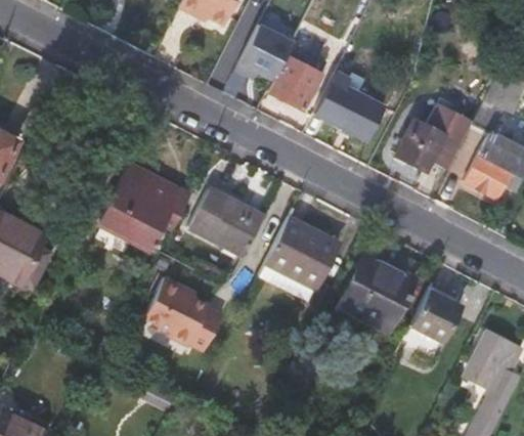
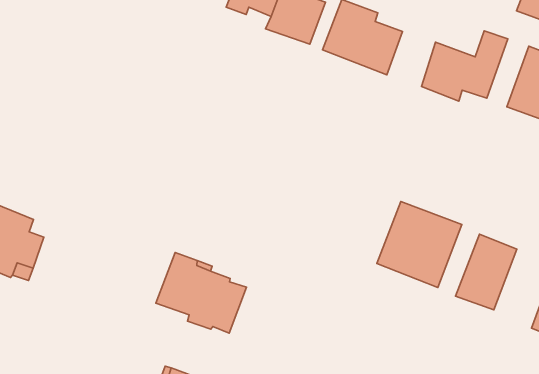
building: [98,170,187,246] -> none
building: [189,187,265,256] -> none
building: [258,216,340,301] -> none

